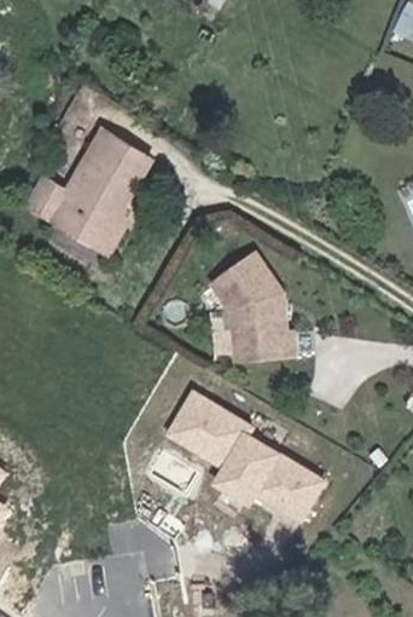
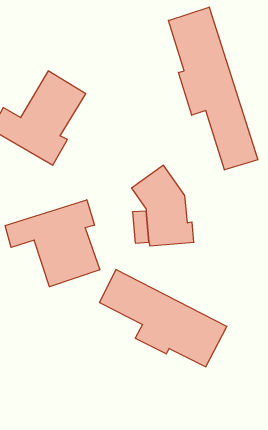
building: none -> [168,7,258,170]
building: none -> [5,200,100,287]

